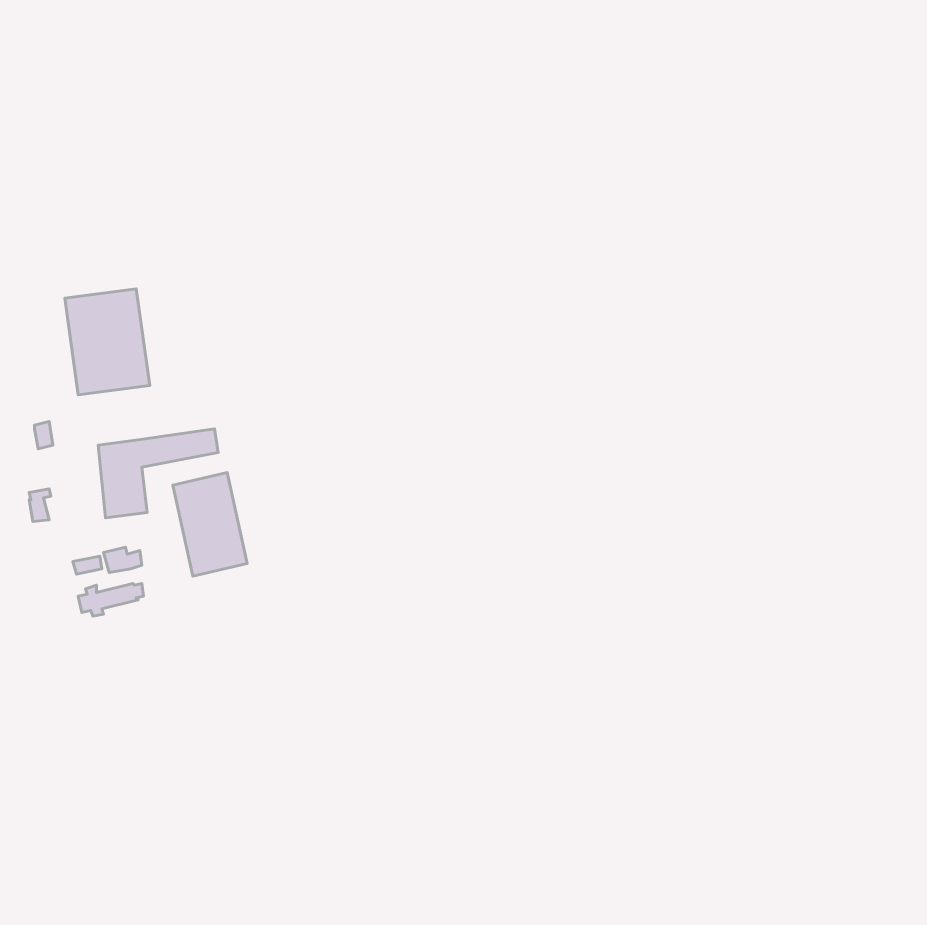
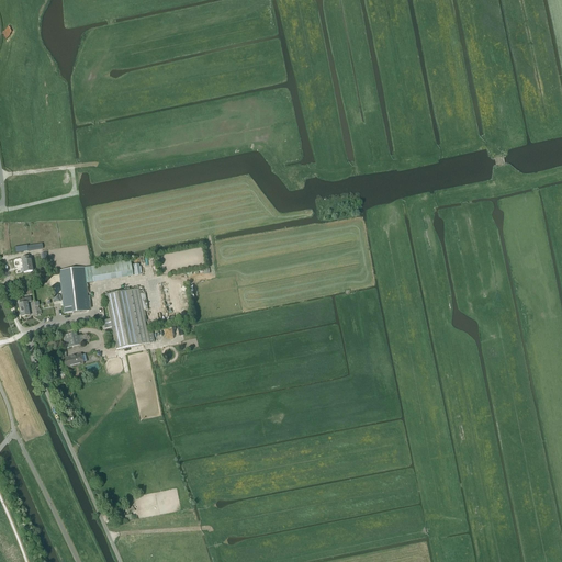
building: [65,289,150,395] -> none

